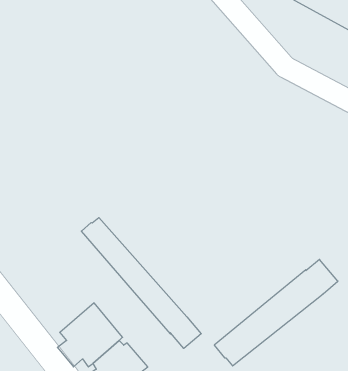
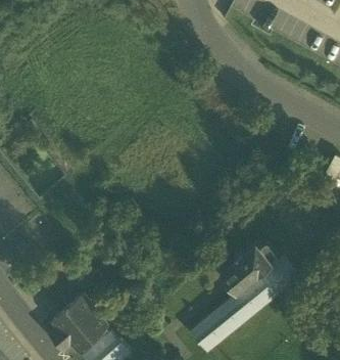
building: [81,218,201,348] -> none
building: none -> [223,245,274,294]

